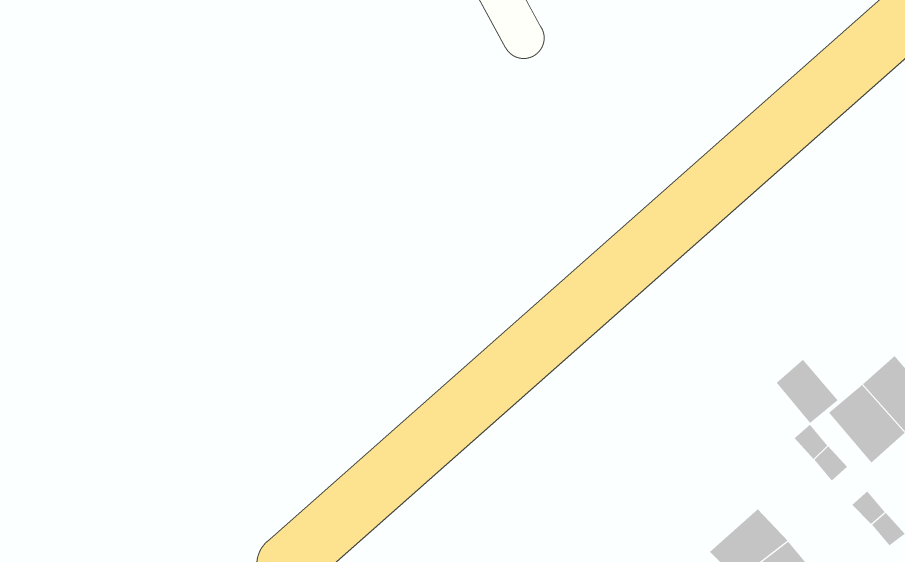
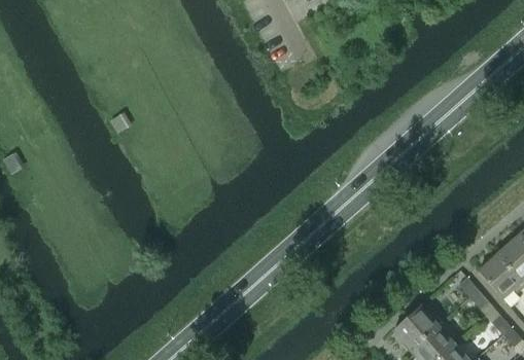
building: [776,359,838,424] -> none
building: none -> [393,305,438,350]

